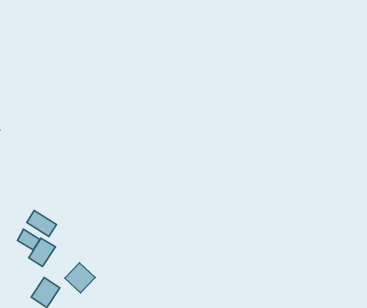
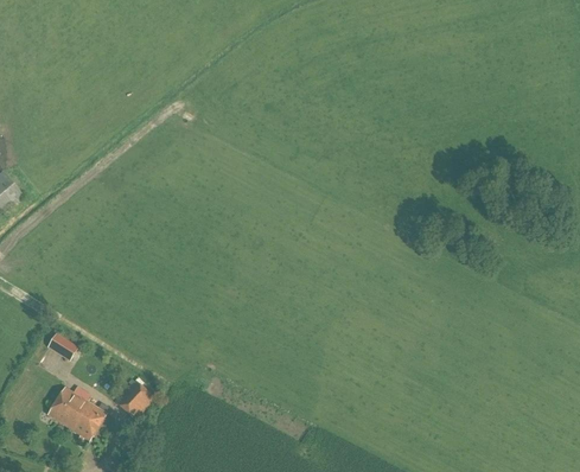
building: [27,210,56,237] -> none
building: [29,238,55,267] -> [49,385,85,425]

